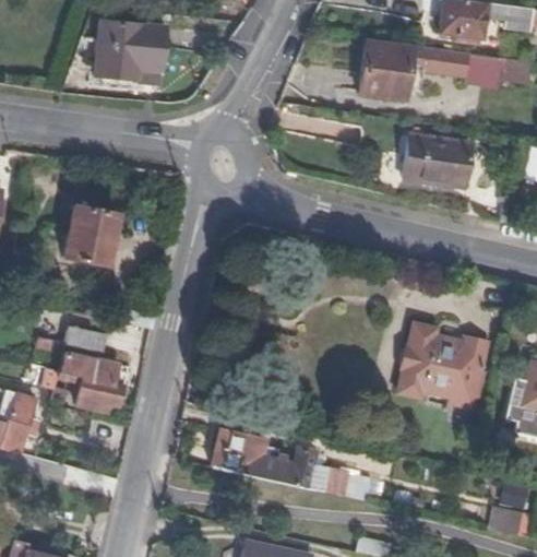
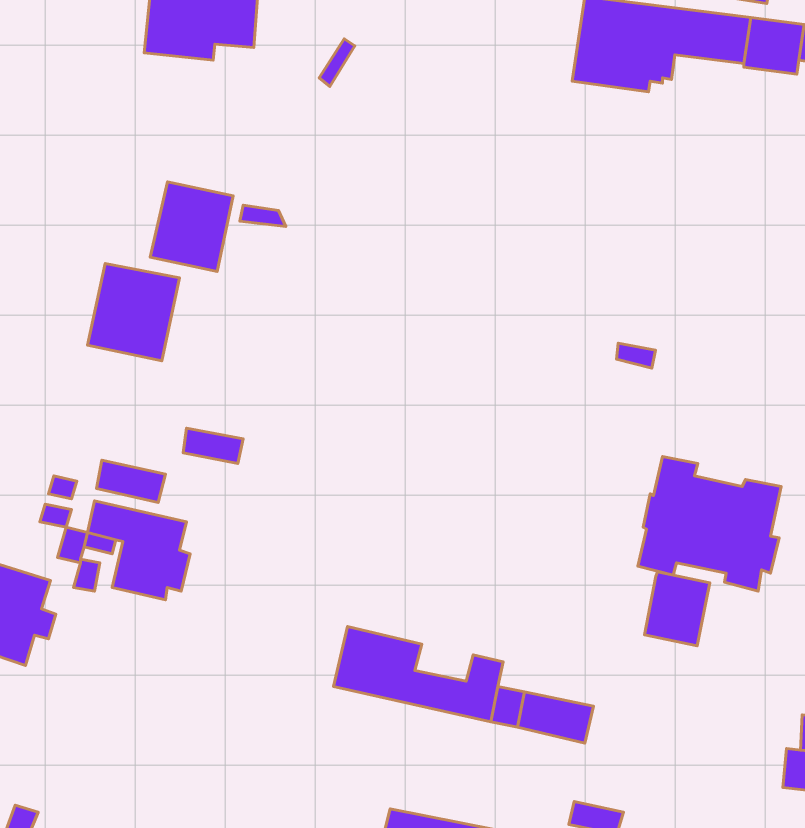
building: [404,134,472,187] -> none
building: none -> [150,182,233,272]
building: none -> [645,572,710,646]

